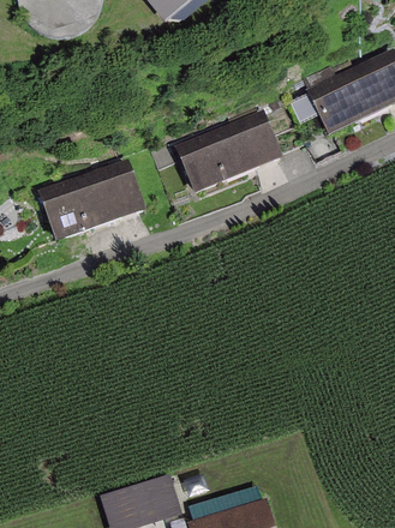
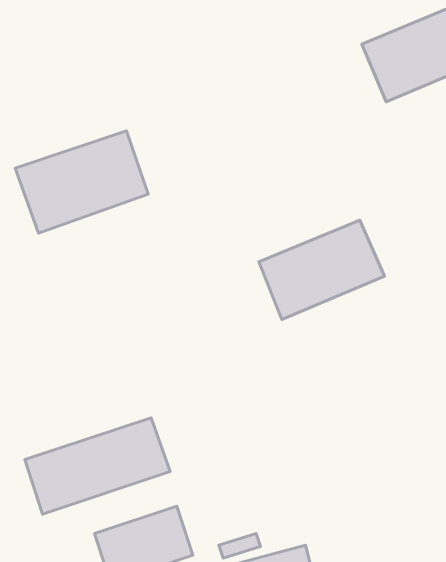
building: [176,109,281,192] -> [259,220,384,320]
building: none -> [25,418,170,514]

